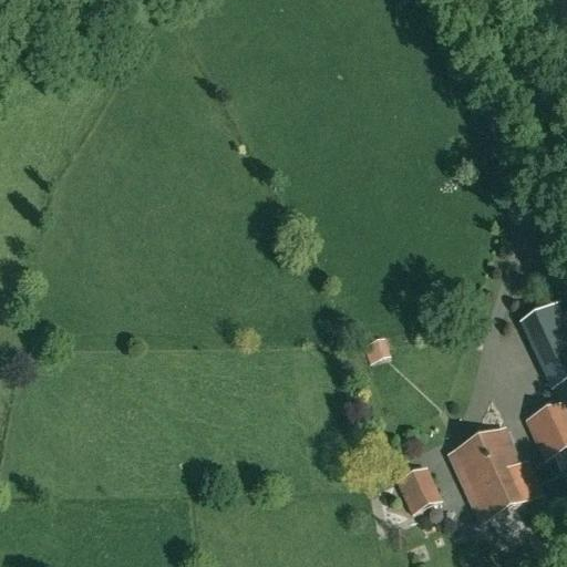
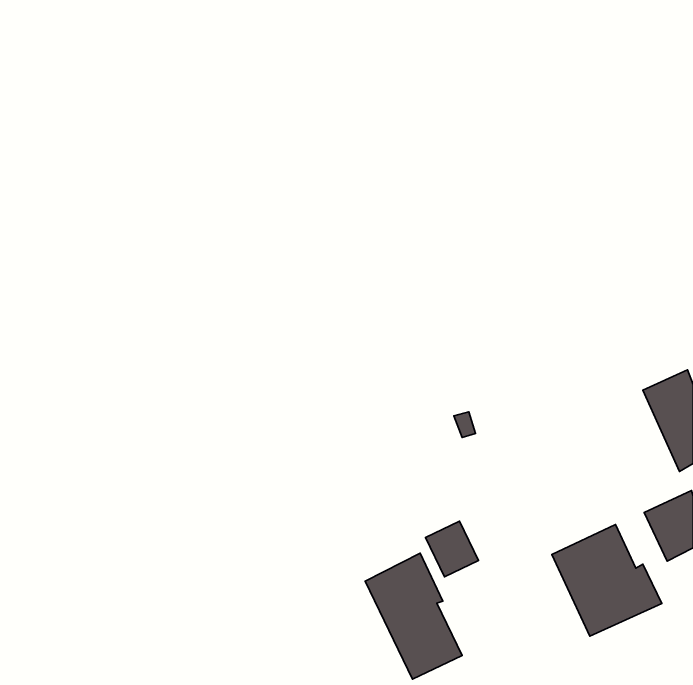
building: none -> [365,553,462,679]
building: [396,465,440,511] -> [426,521,479,577]

